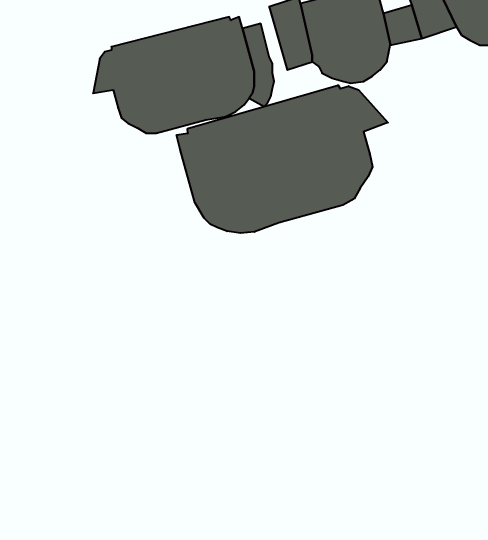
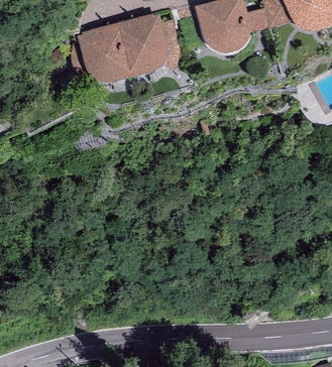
building: [177,85,388,233] -> none

